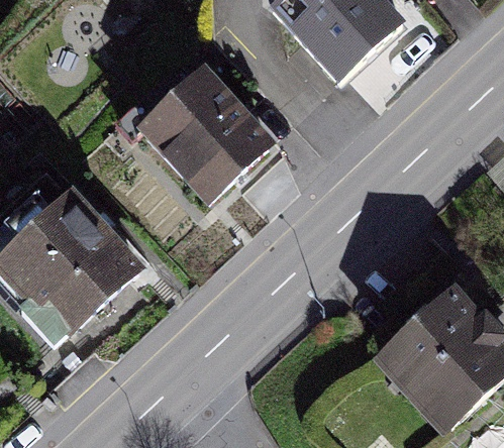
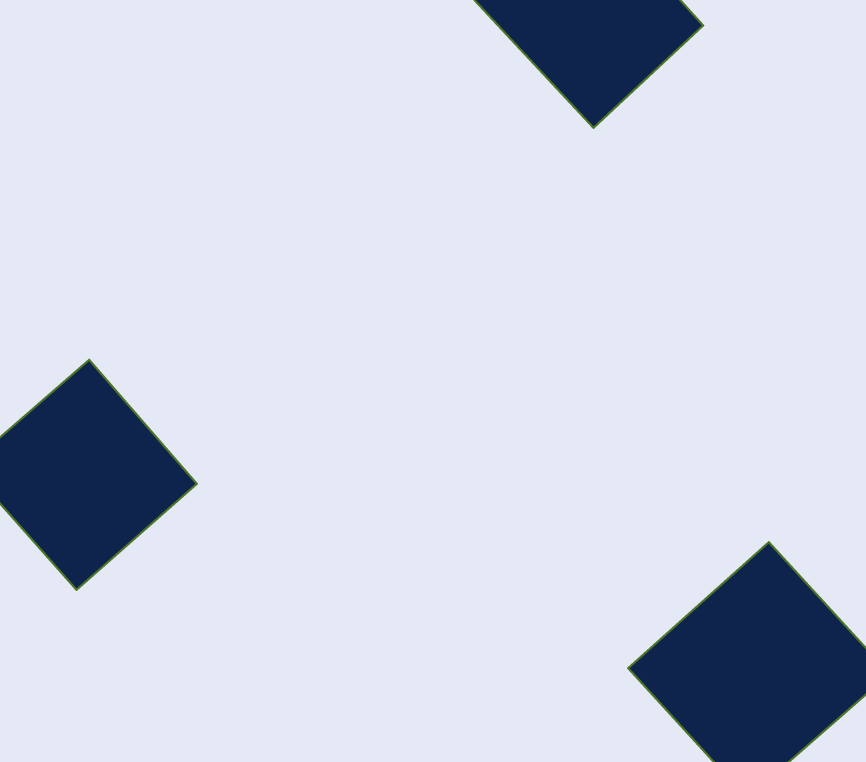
building: [128,80,246,199] -> none

